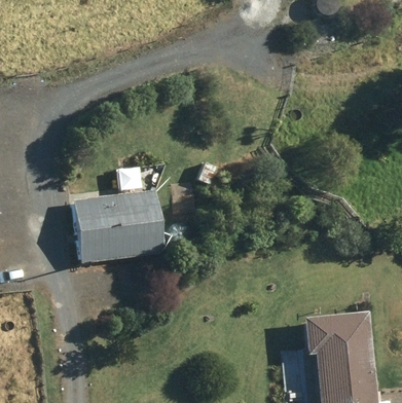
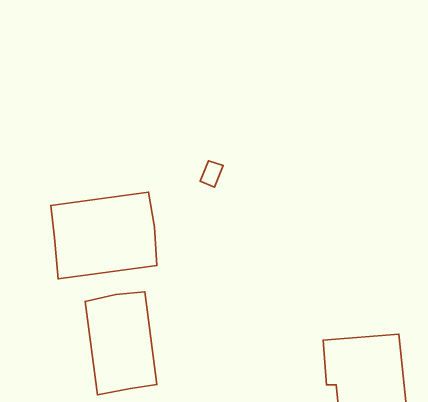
building: none -> [85,292,157,395]

